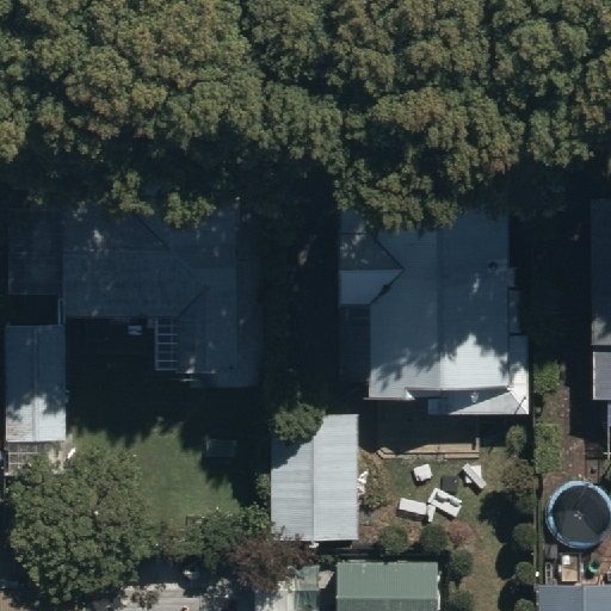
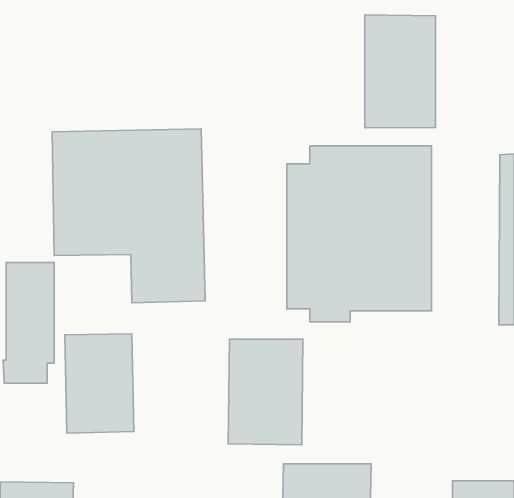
building: none -> [365,15,435,128]
building: none -> [65,334,134,433]

